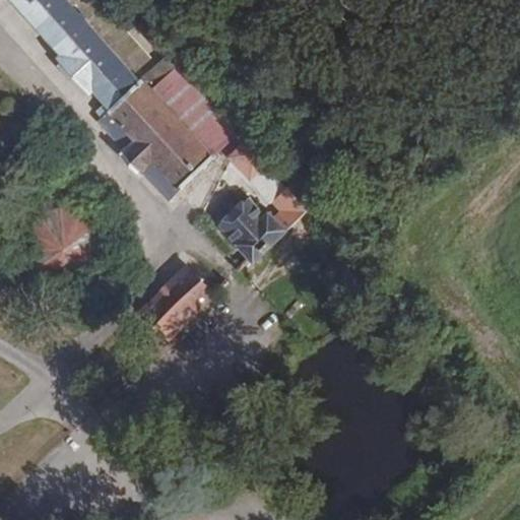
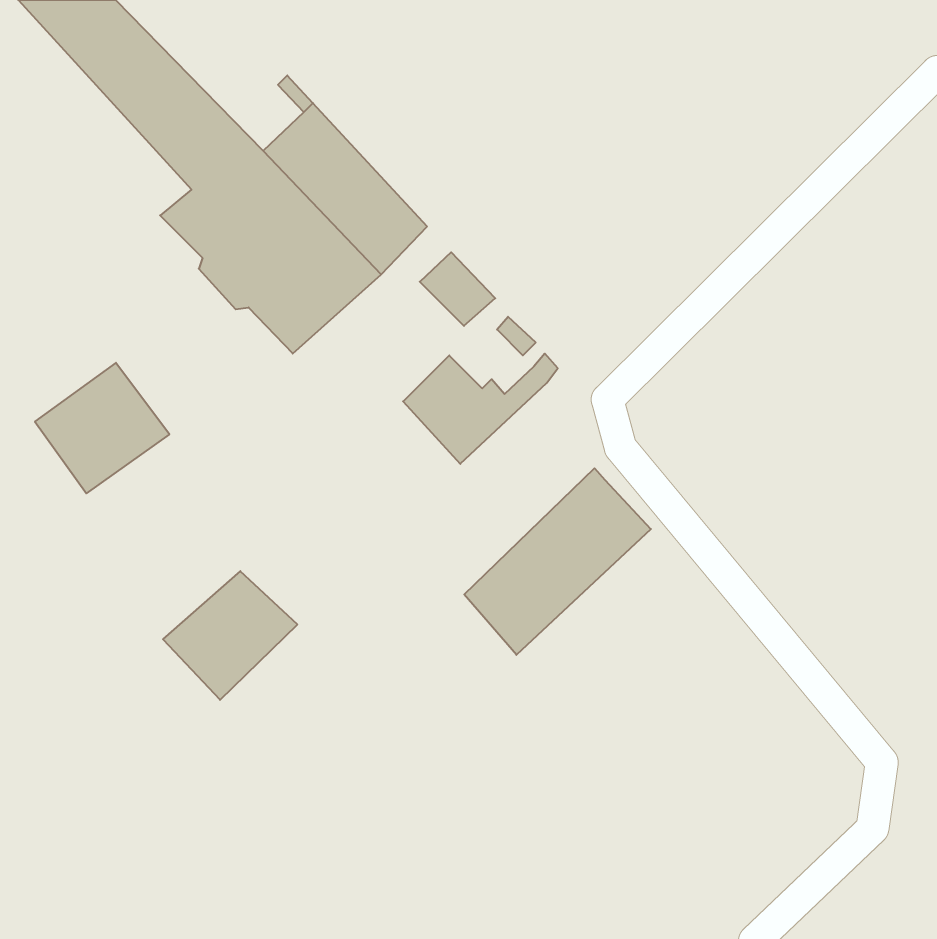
building: none -> [464,468,651,655]
building: [138,268,212,339] -> [163,571,297,700]

